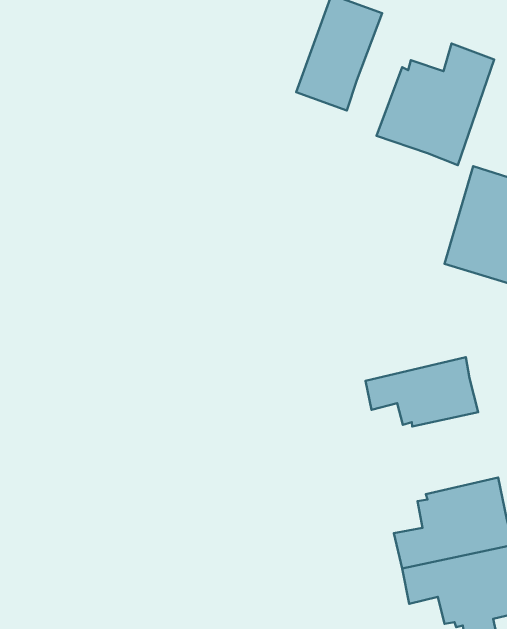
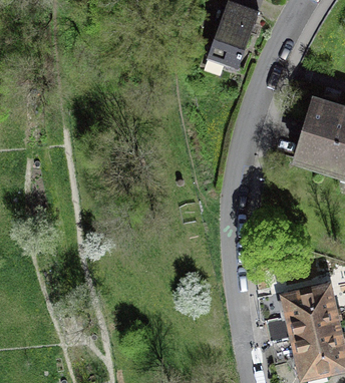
building: [377,44,494,165] -> none
building: [365,357,478,426] -> none

